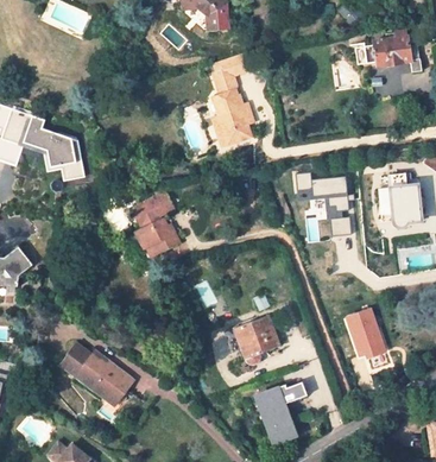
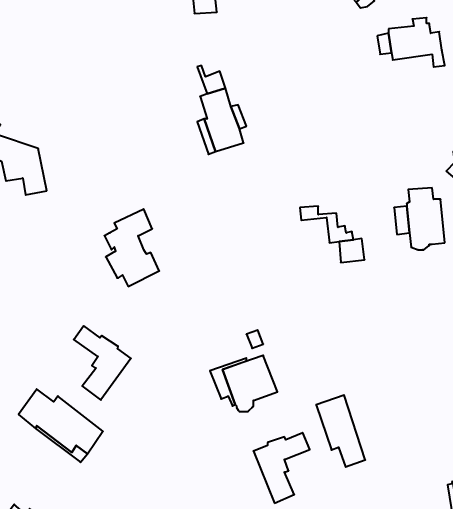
building: [213,55,247,81] -> none
building: [297,173,350,213] -> none
building: none -> [74,326,131,400]
building: [348,310,390,371] -> [316,395,365,467]

